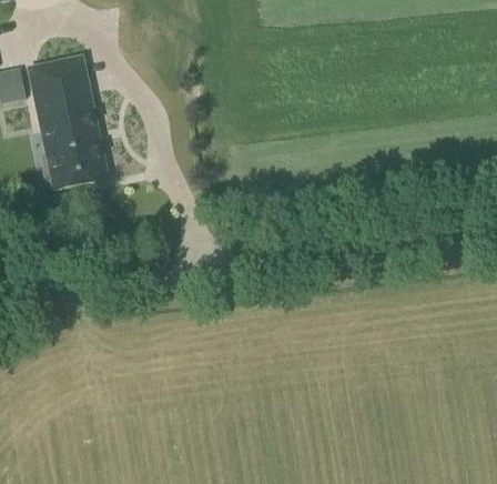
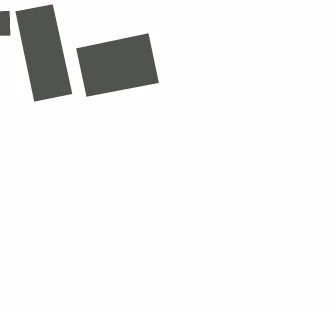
building: none -> [75,32,160,98]

